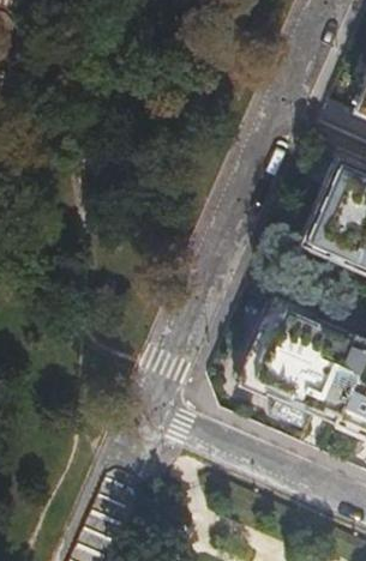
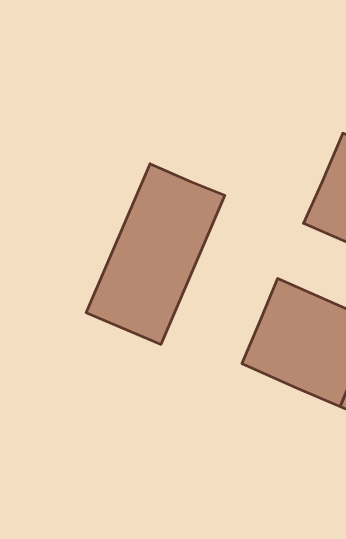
building: none -> [86,164,225,344]

